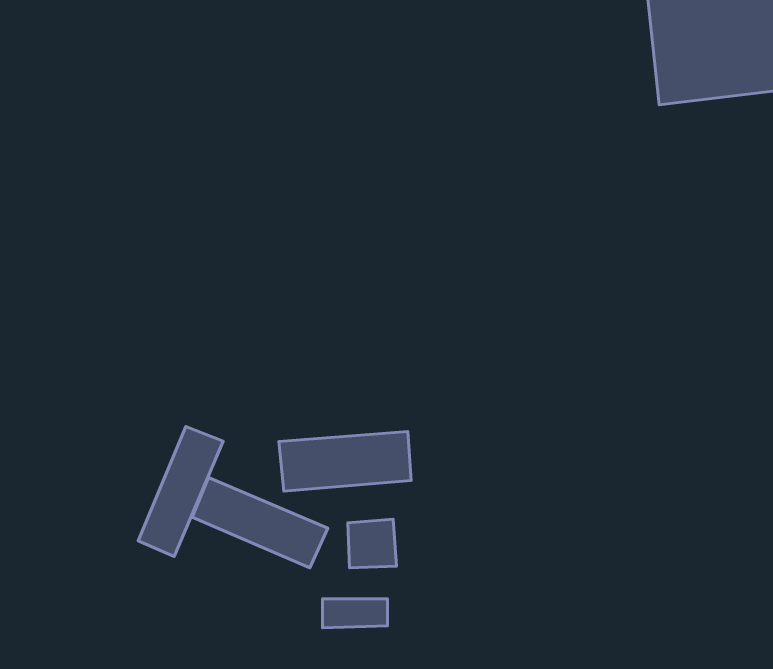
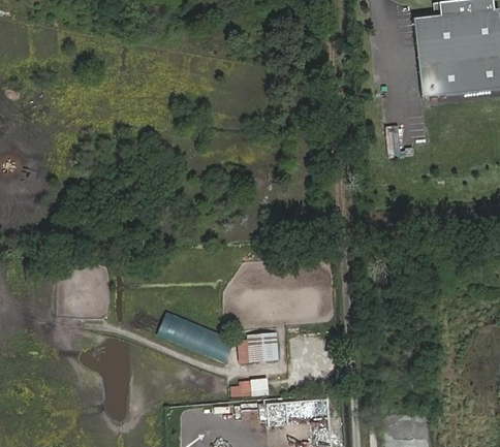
building: [138,427,223,557] -> none
building: [279,432,411,491] -> none

